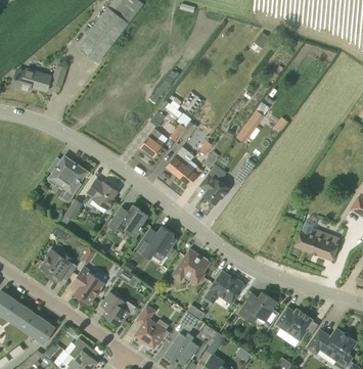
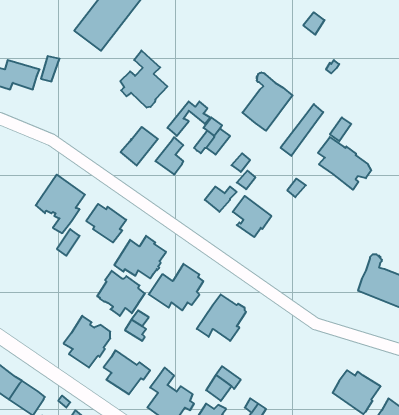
building: none -> [120,50,167,108]
building: none -> [242,72,293,131]
building: none -> [318,137,371,190]
building: [166,146,194,176] -> [121,127,158,166]
building: [40,248,77,283] -> [97,271,145,316]
building: [205,270,244,304] -> none
building: [239,291,279,328] -> none

